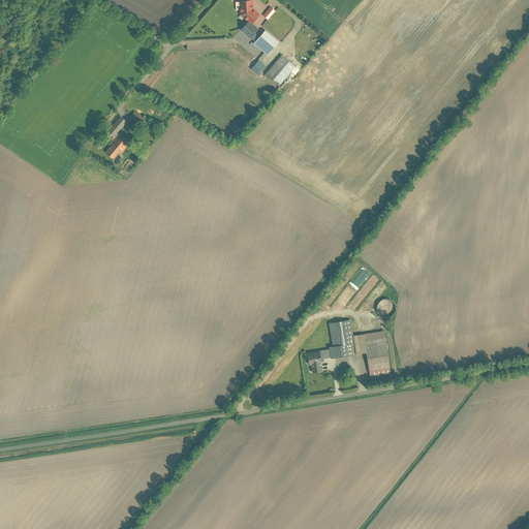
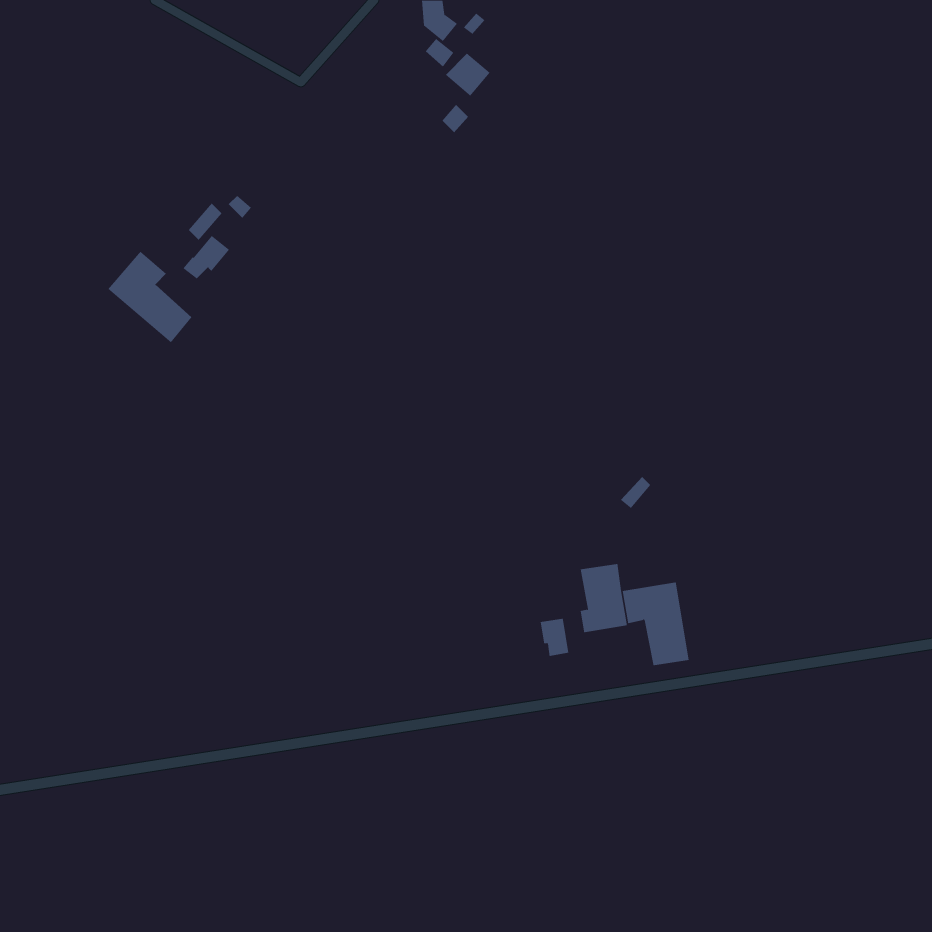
building: [264,54,295,86] -> none
building: none -> [107,251,192,343]

